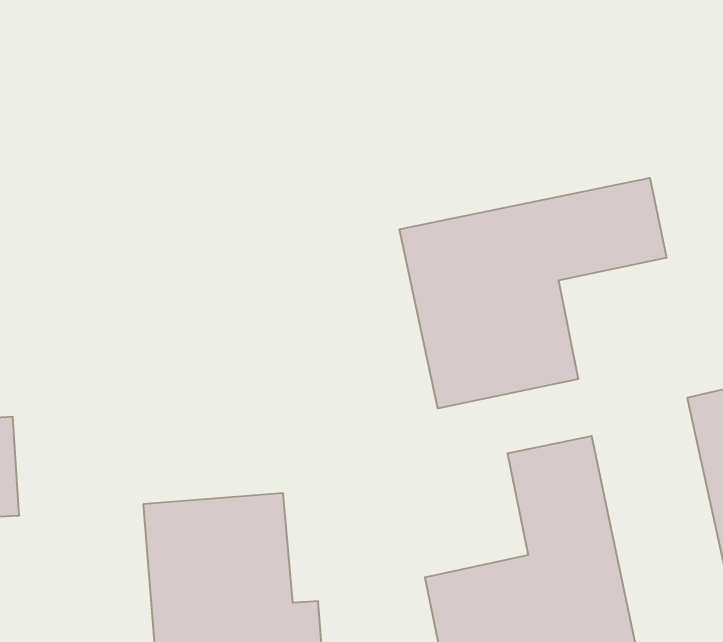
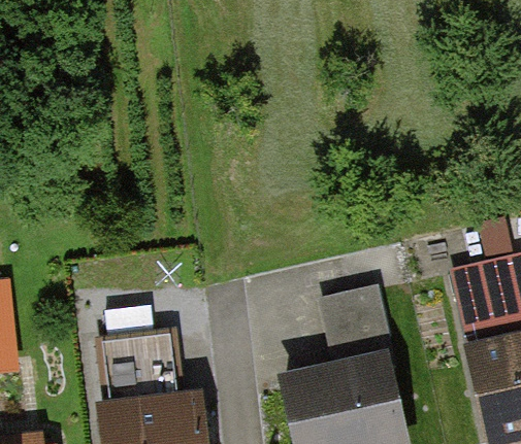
building: [400,178,666,408] -> none

